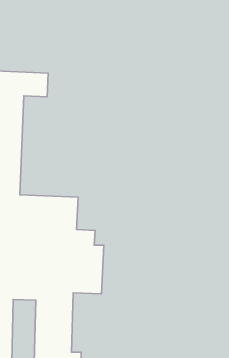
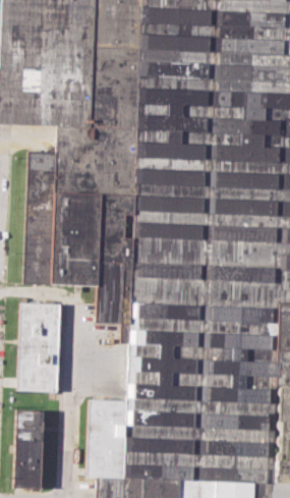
building: none -> [19,302,63,391]

